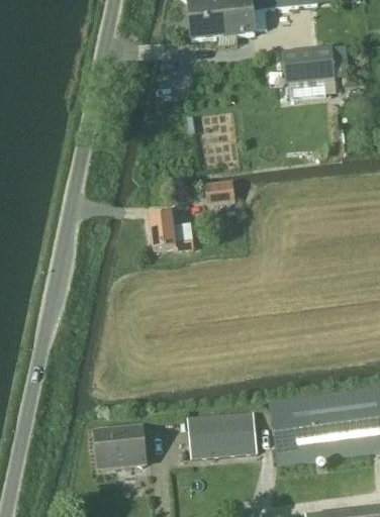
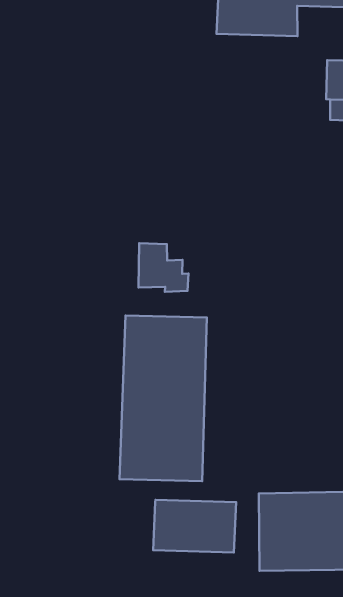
building: [205,180,243,204] -> none
building: none -> [119,316,207,481]
building: [95,426,146,467] -> none

